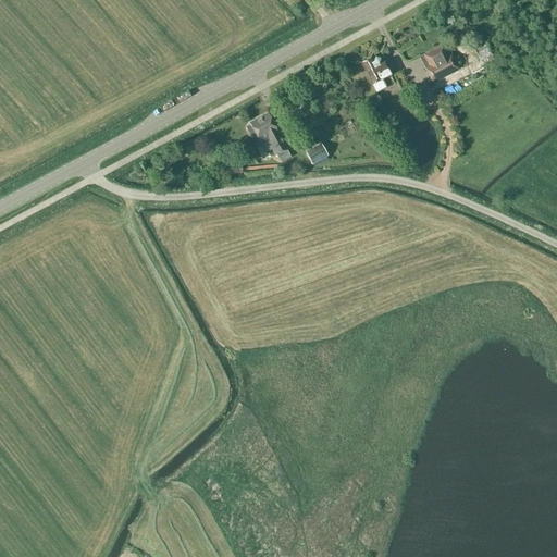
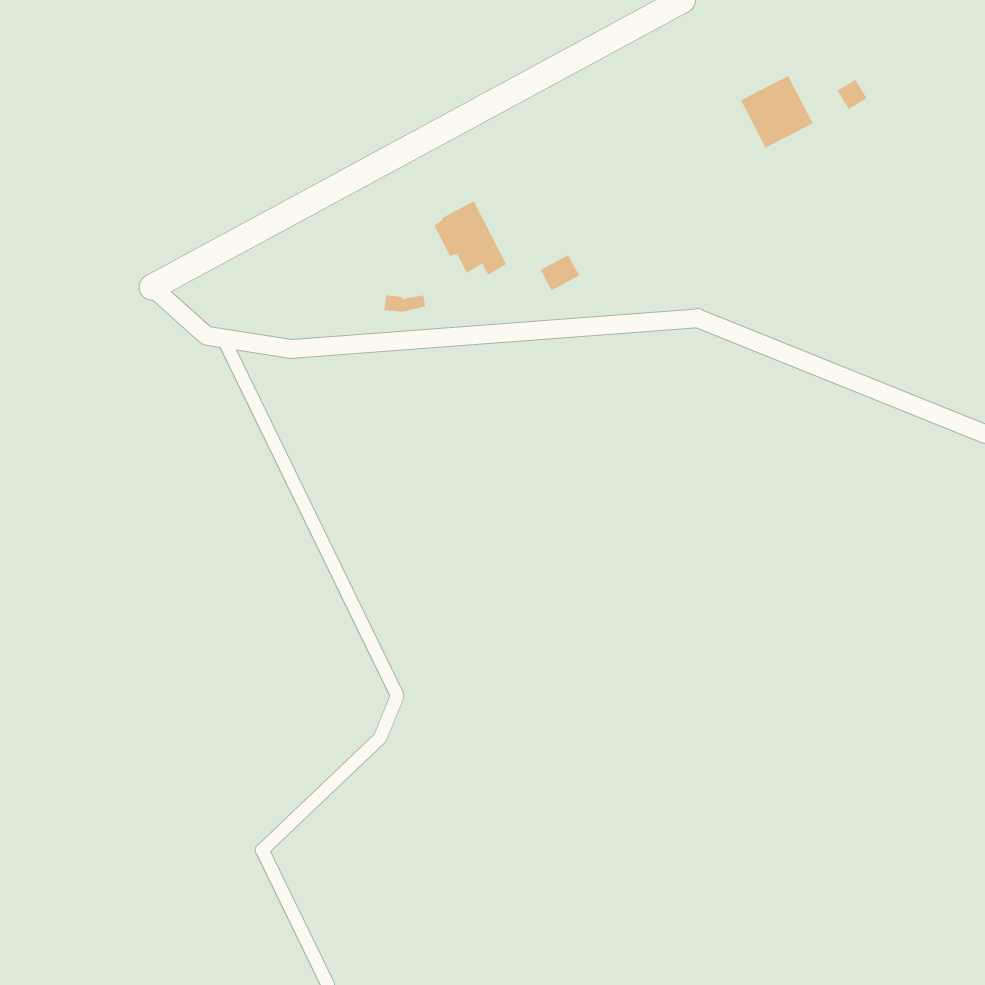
building: [360,58,389,85] -> none

